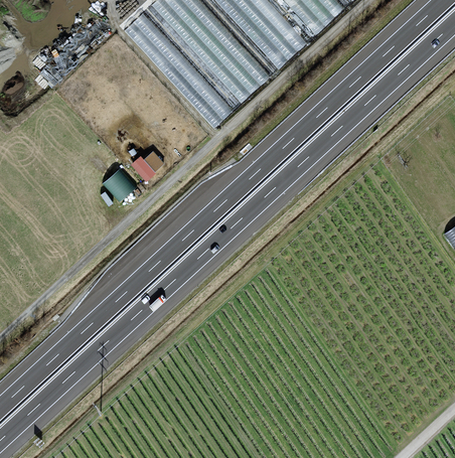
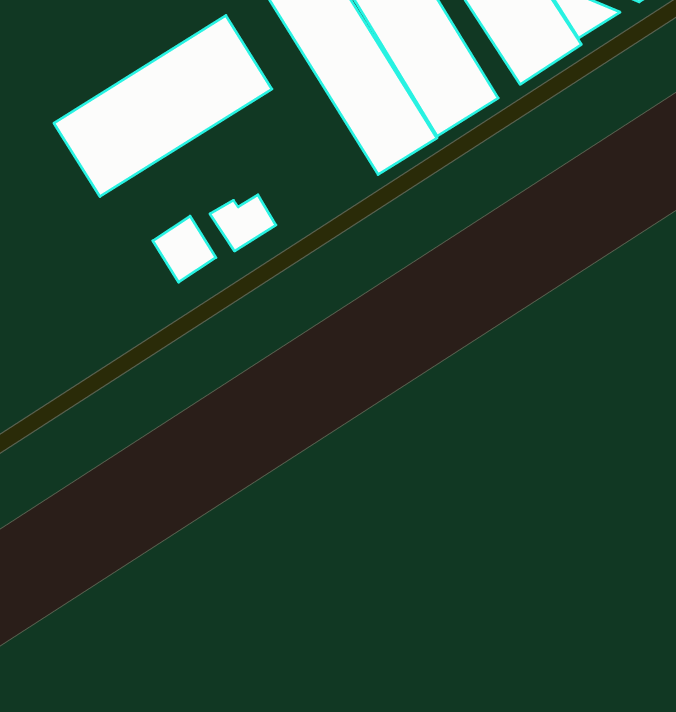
building: none -> [54,15,272,197]

